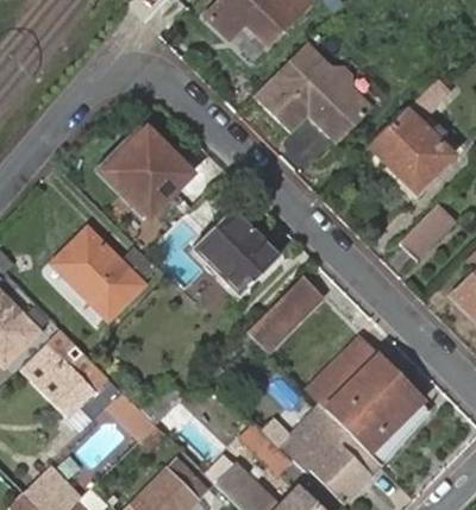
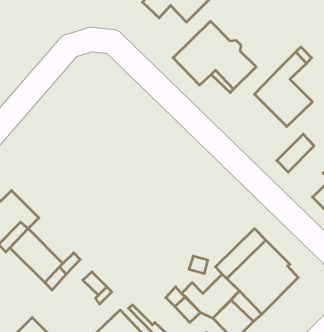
building: [107,131,190,216] -> none
building: [193,210,290,307] -> none
building: [55,229,140,316] -> none
building: [248,278,320,350] -> none

